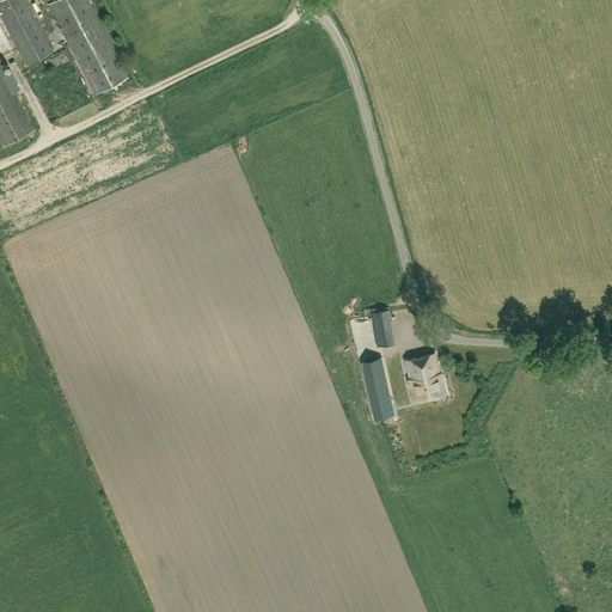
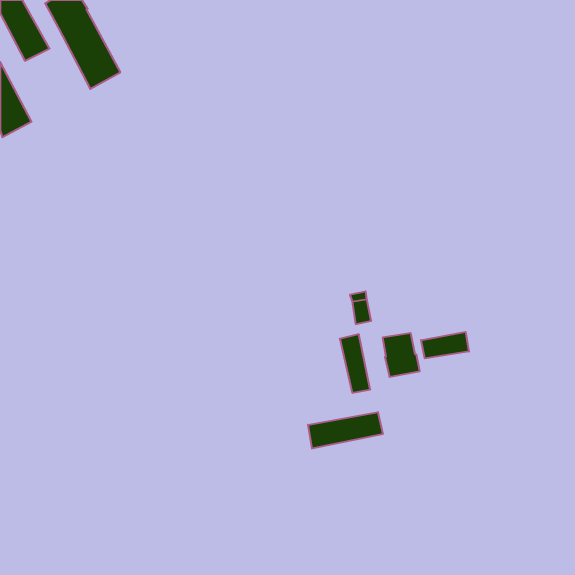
building: none -> [421,332,469,358]
building: none -> [308,412,383,449]

